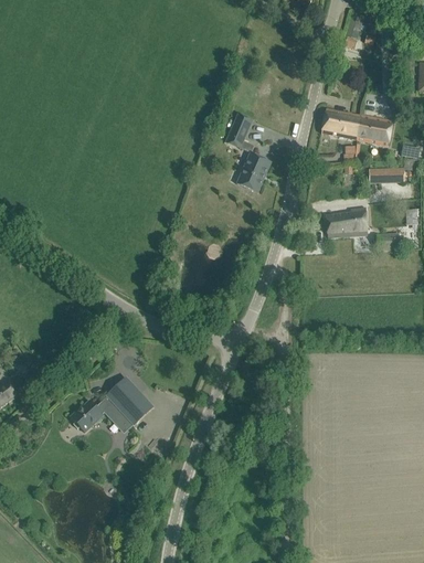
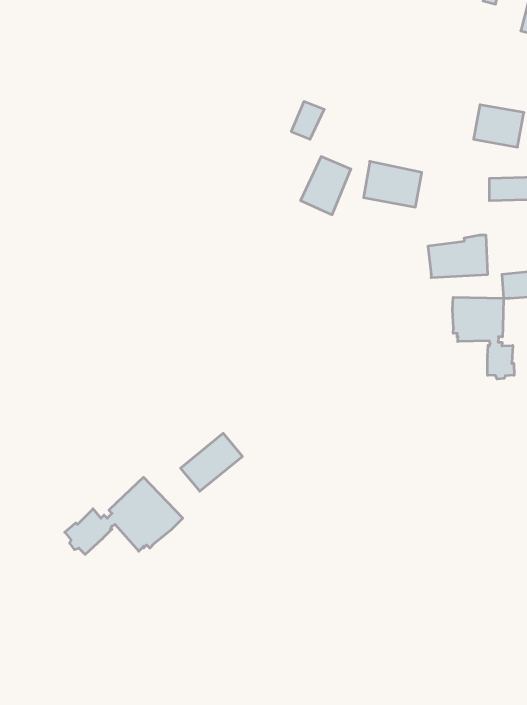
building: [320,107,361,139] -> [364,161,422,207]
building: none -> [453,297,514,379]
building: none -> [181,433,242,491]

